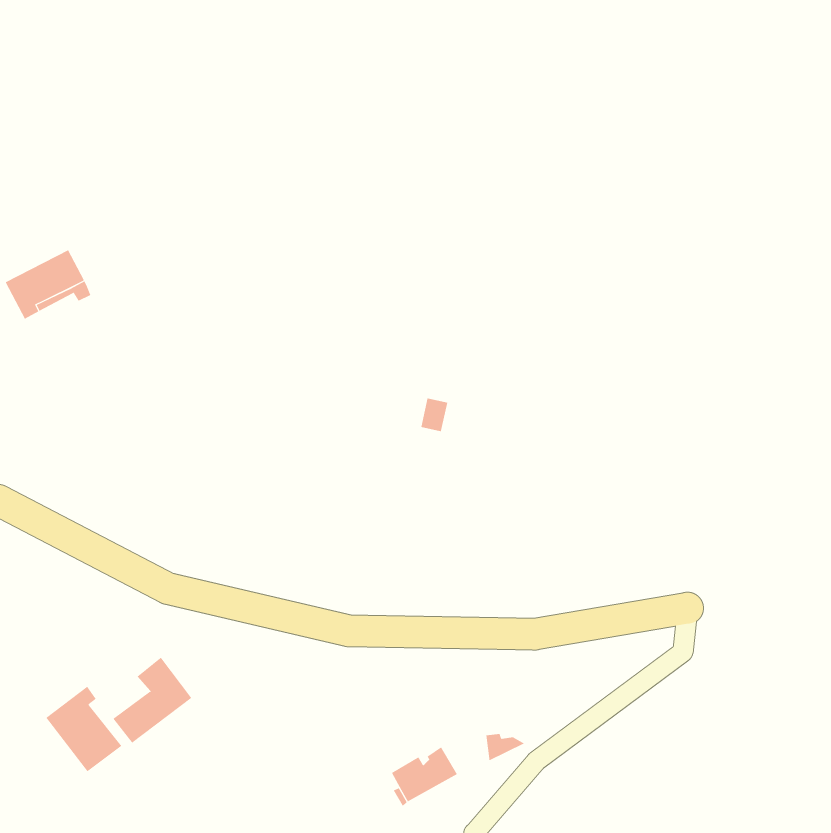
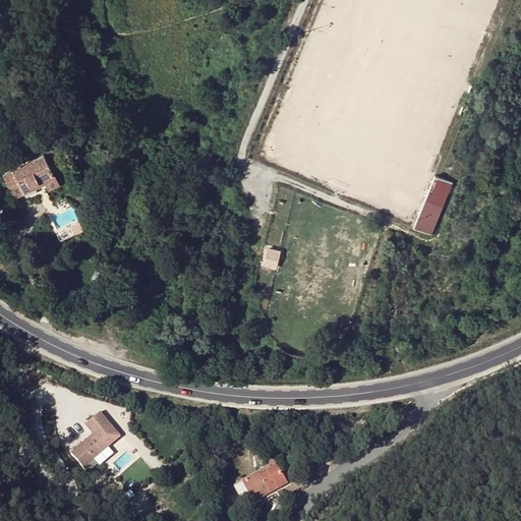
building: none -> [413,178,451,235]
building: [45,686,122,772] -> none

